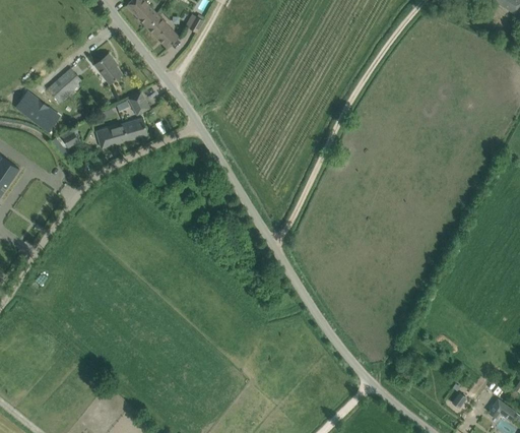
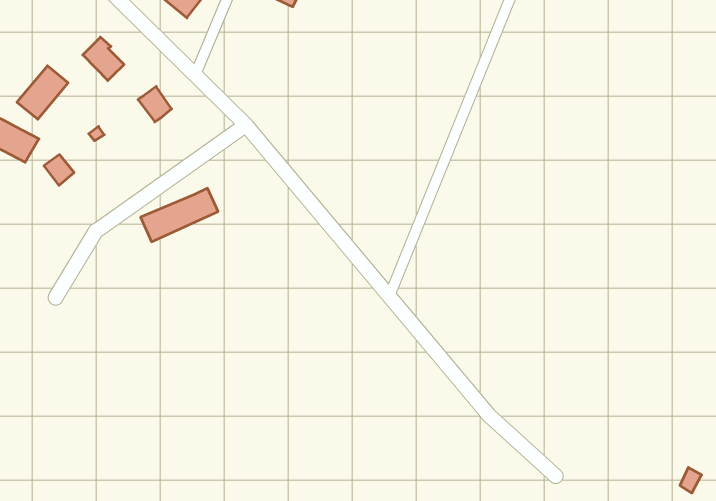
building: [95,118,147,148] -> [141,188,218,242]

